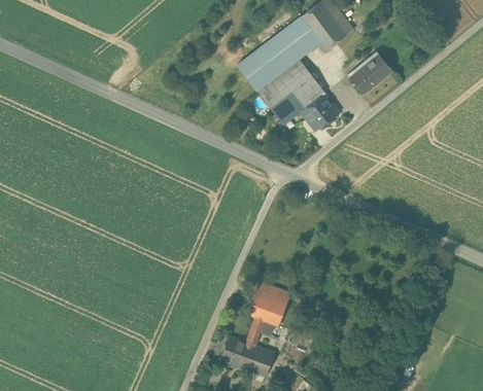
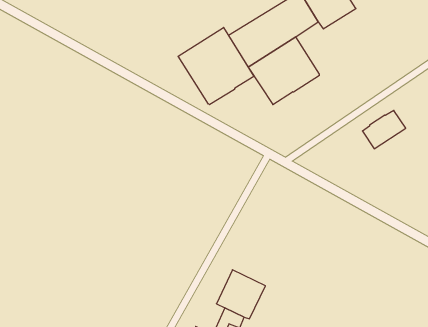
building: [351,56,391,93] -> [362,110,406,149]
building: none -> [178,27,254,105]
building: [302,94,339,131] -> none

